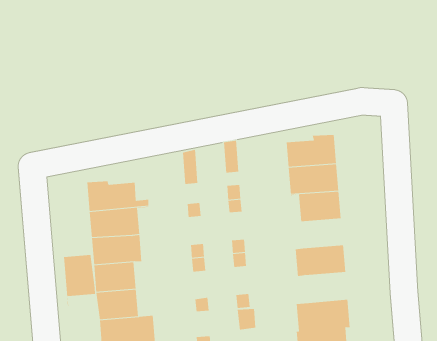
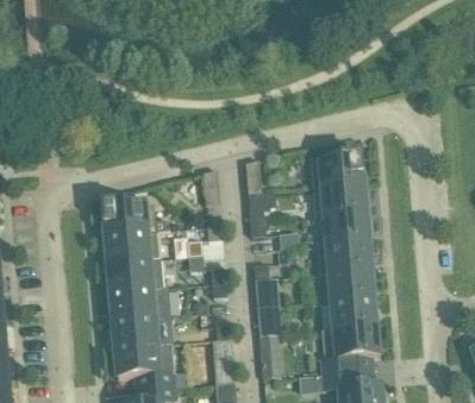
building: none -> [318,239,371,271]
building: [63,254,95,306] -> none
building: none -> [323,295,376,328]

